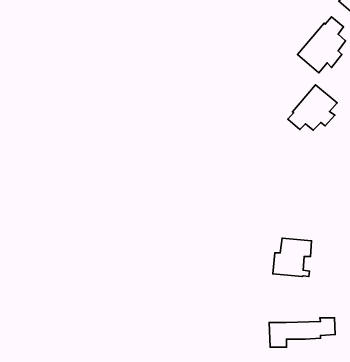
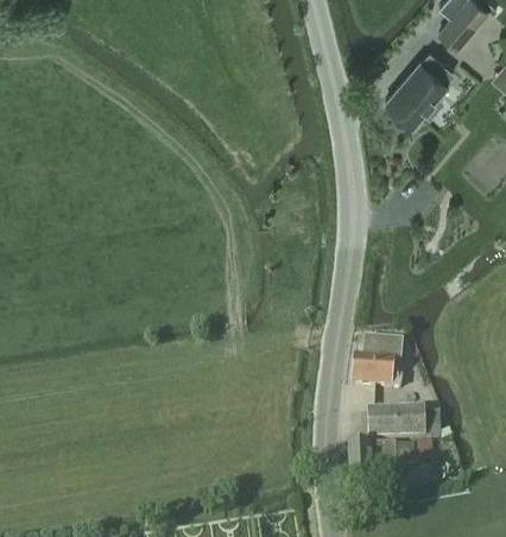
building: [288,85,337,130] -> none
building: none -> [368,406,441,437]

